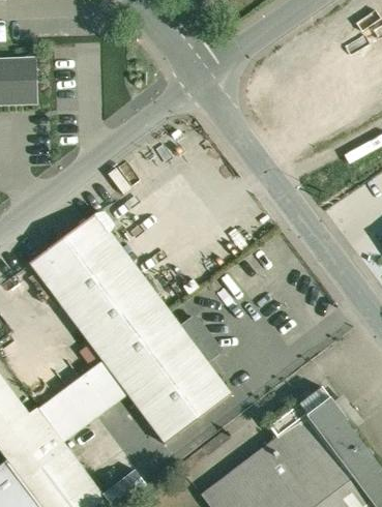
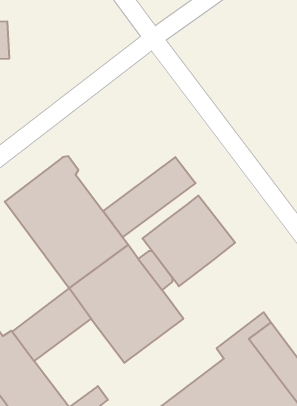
building: none -> [103,157,196,237]
building: none -> [142,196,235,286]

